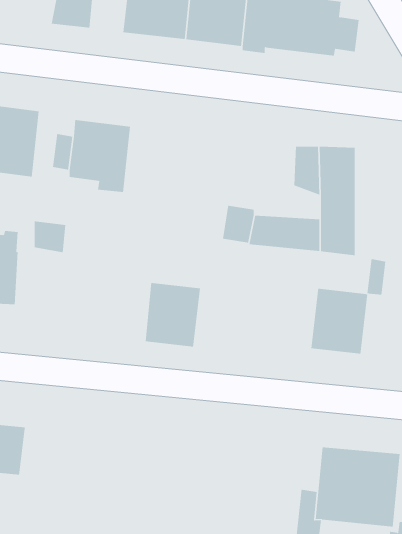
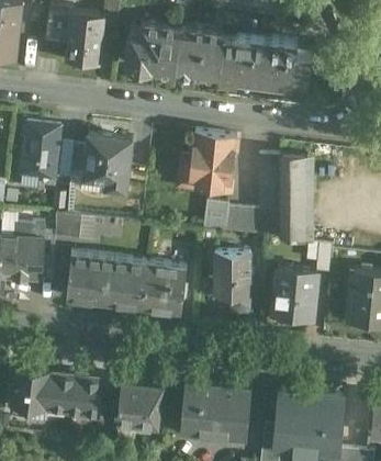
building: none -> [179,133,237,191]
building: none -> [214,252,249,300]
building: none -> [67,254,147,308]
building: none -> [45,376,102,417]
building: none -> [181,382,251,439]
building: none -> [119,383,164,429]

